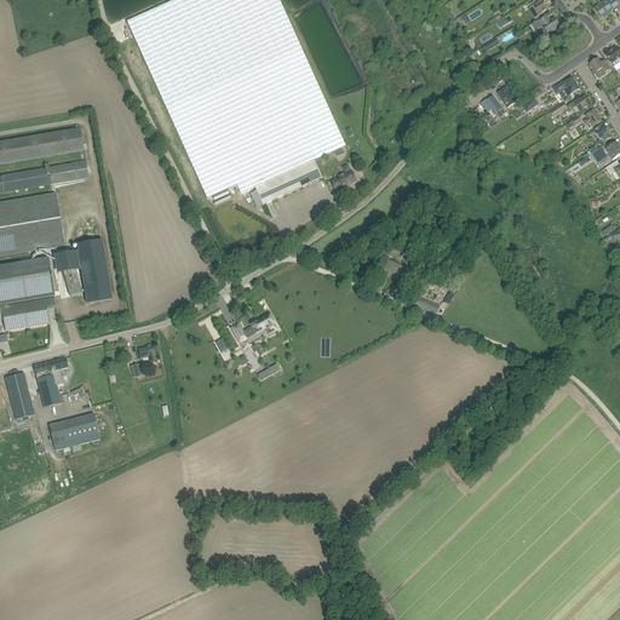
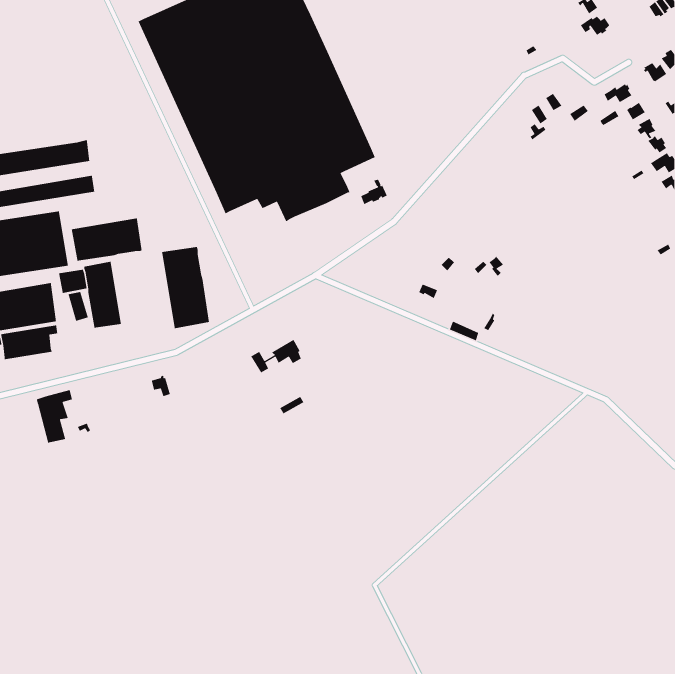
building: none -> [71,218,142,261]
building: none -> [161,246,210,329]
building: [5,372,34,419] -> none
building: [48,412,99,449] -> none

